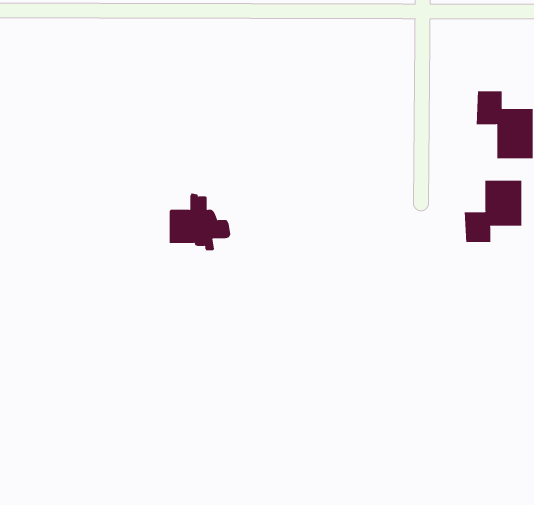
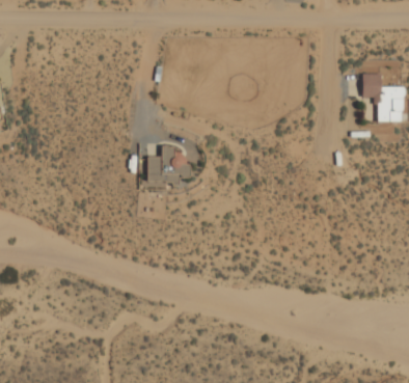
building: [464,180,522,243] -> none

